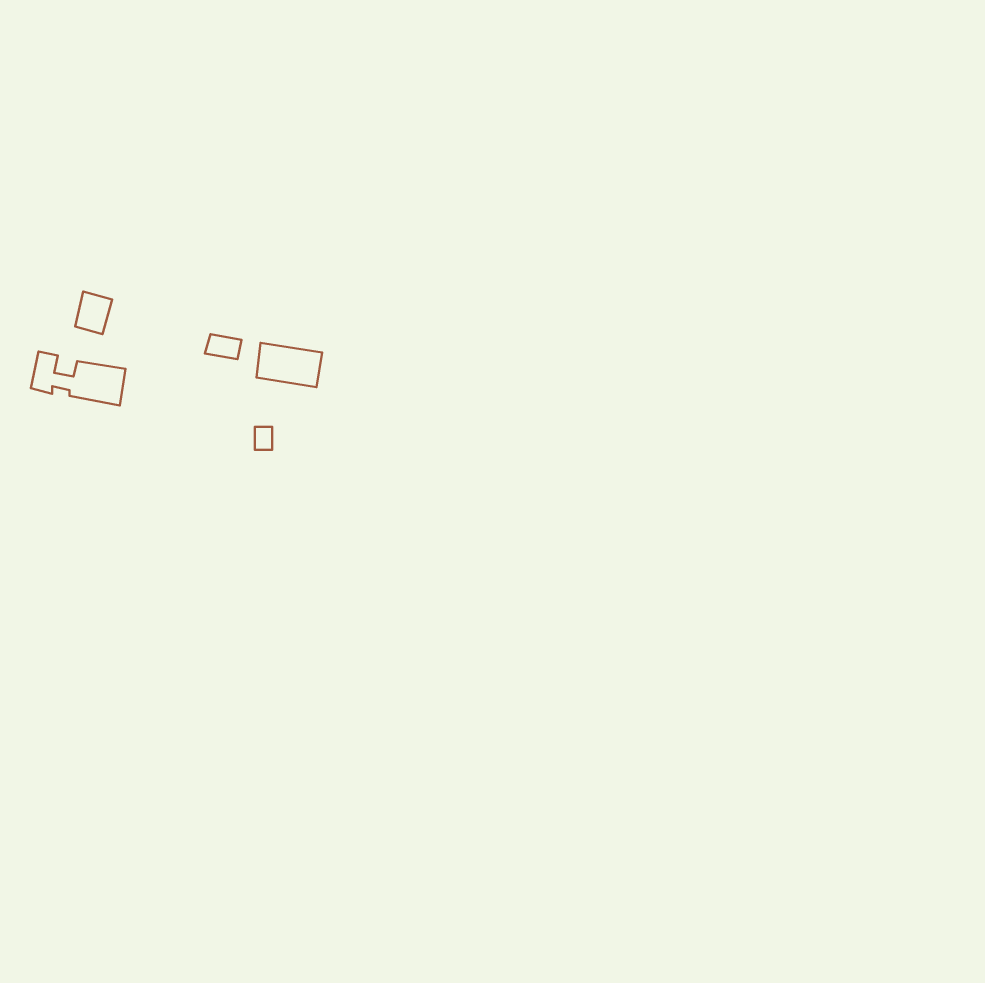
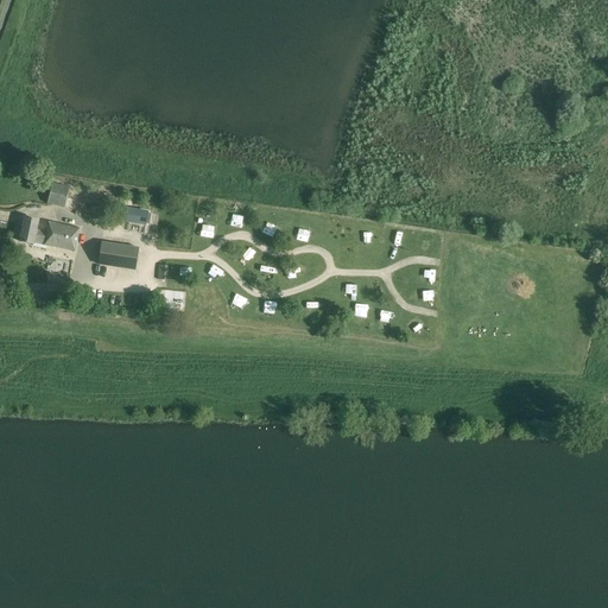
building: [257,343,322,387] -> [97,240,138,267]

